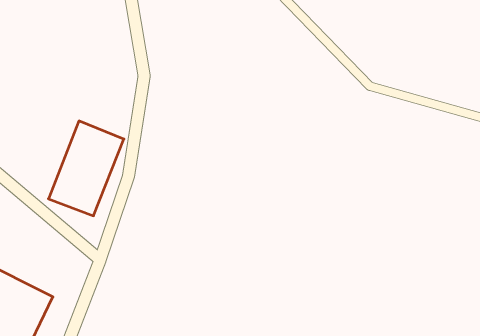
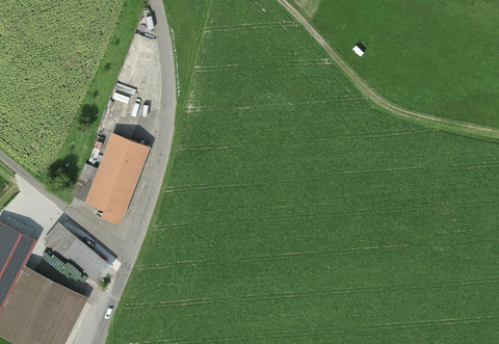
building: none -> [46,223,108,281]

